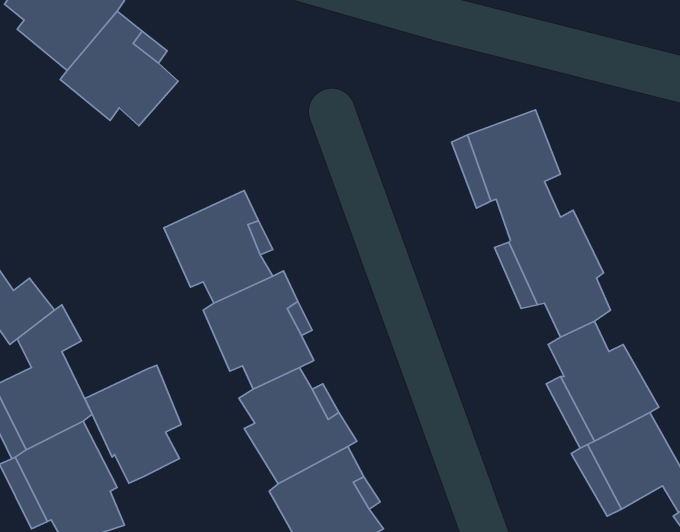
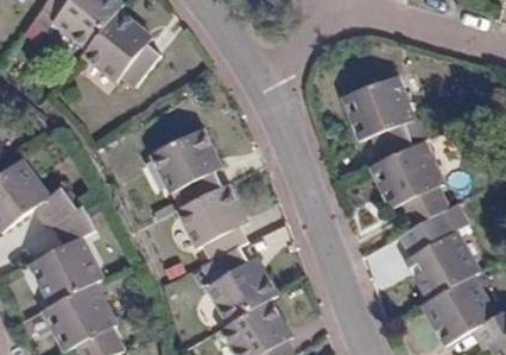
building: [85,365,181,483] -> none

